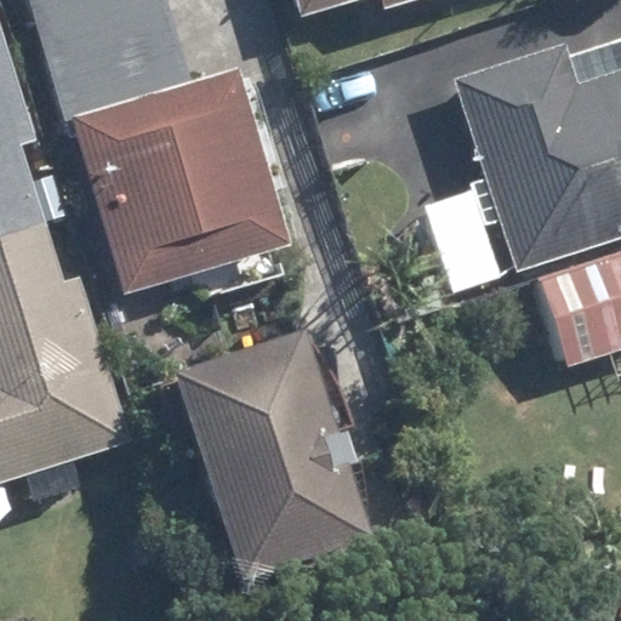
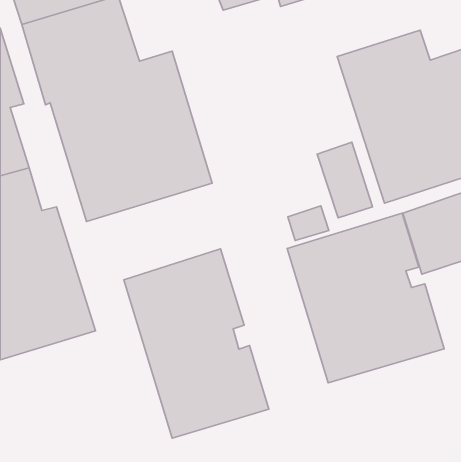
building: none -> [287,213,444,383]

